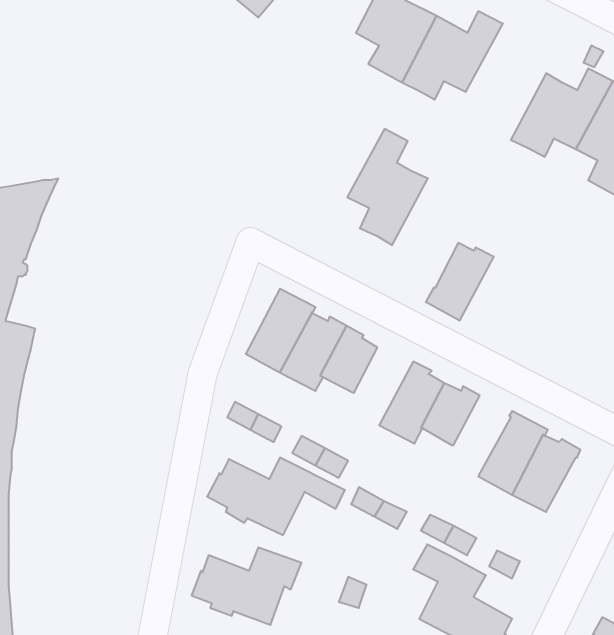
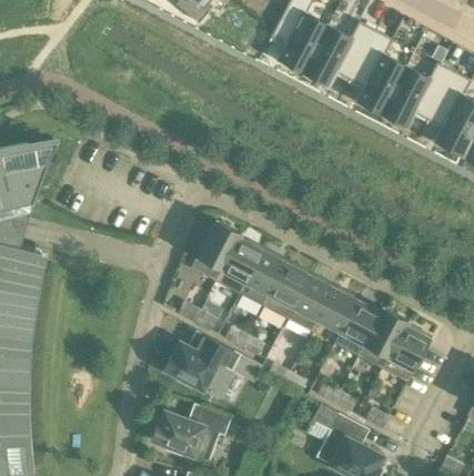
building: [347,129,428,245] -> [349,30,406,113]
building: [426,243,494,320] -> [262,262,311,317]
building: none -> [333,296,381,354]

